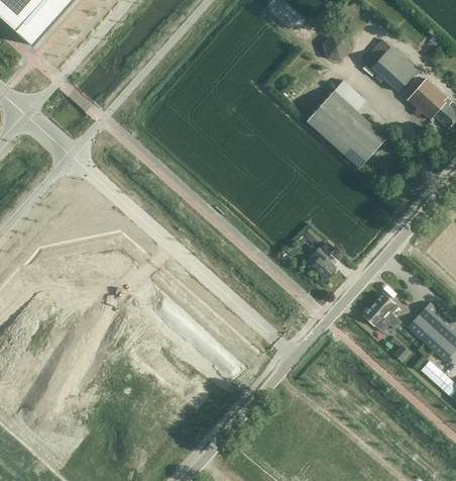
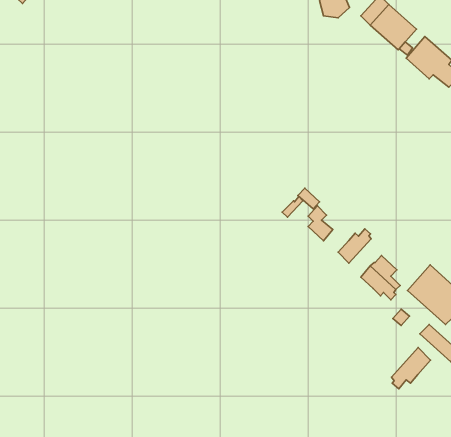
building: [306,80,385,168] -> none
building: none -> [338,229,371,263]
building: none -> [391,348,431,389]

